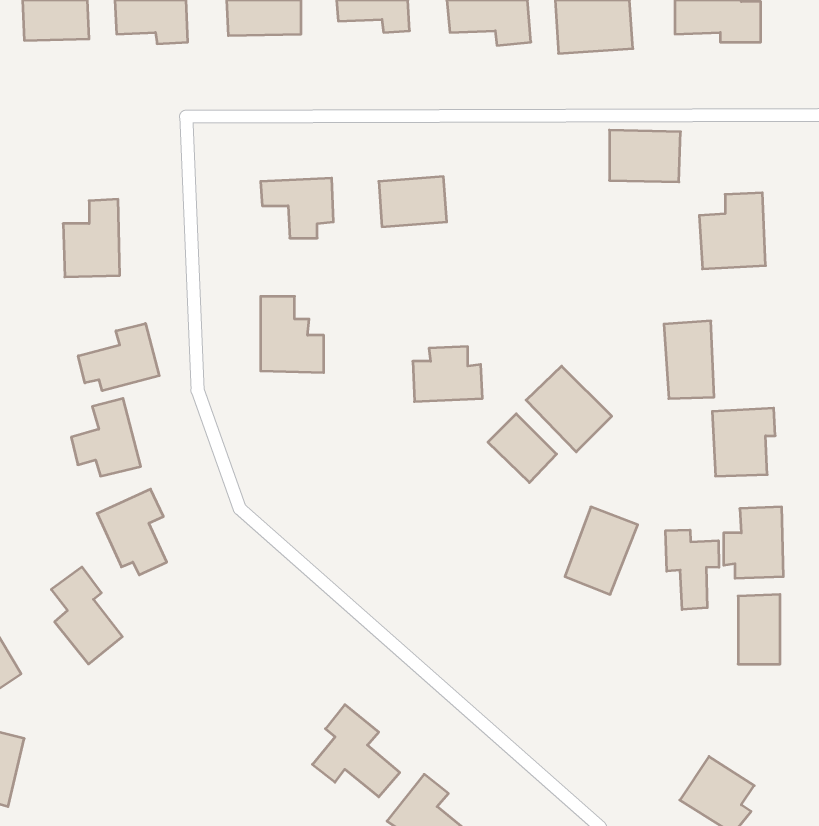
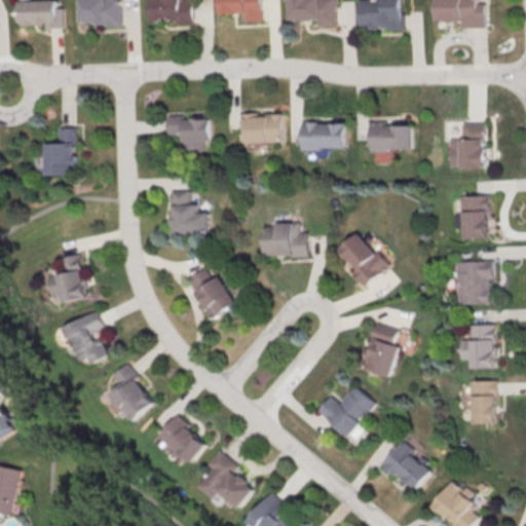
building: [609,130,681,182] -> [367,121,412,154]
building: none -> [299,120,346,151]
building: [664,321,714,399] -> [457,195,489,245]
building: [78,323,159,391] -> none
building: [488,414,557,483] -> none
building: none -> [185,269,235,320]
building: [666,530,719,610] -> none
building: [51,567,122,664] -> [108,360,153,421]
building: none -> [315,383,376,438]
building: none -> [158,413,212,464]
building: none -> [377,438,428,492]

